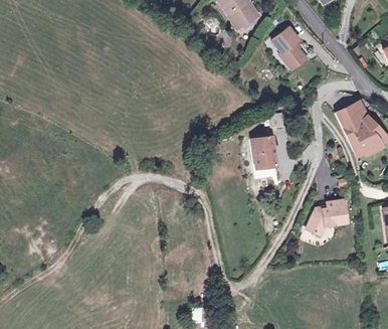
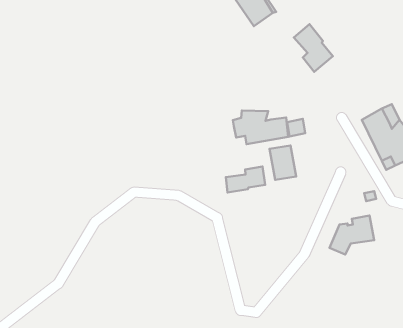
building: none -> [233,110,288,144]
building: none -> [226,167,265,193]

